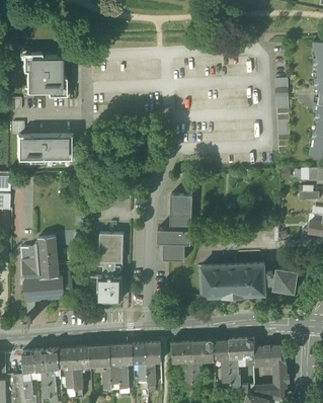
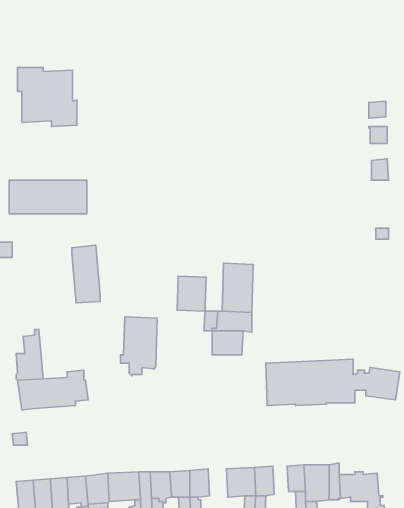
building: none -> [177,276,206,311]
building: [38,236,59,277] -> [72,245,100,303]
building: [98,274,123,301] -> none

